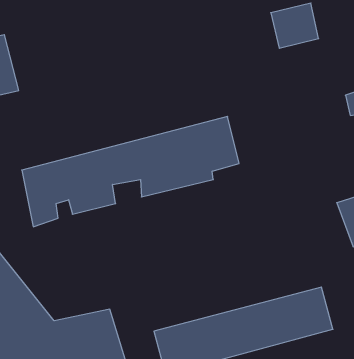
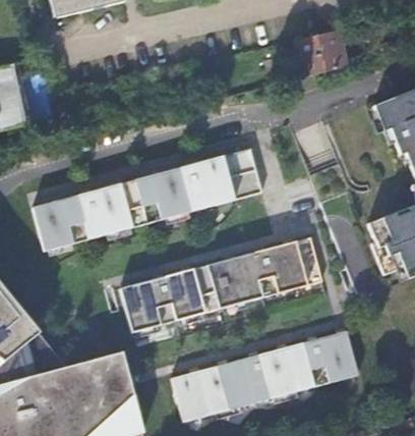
building: none -> [118,244,321,340]

